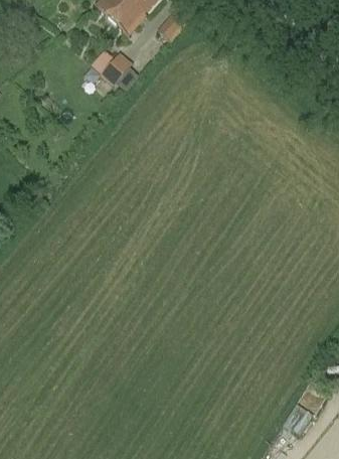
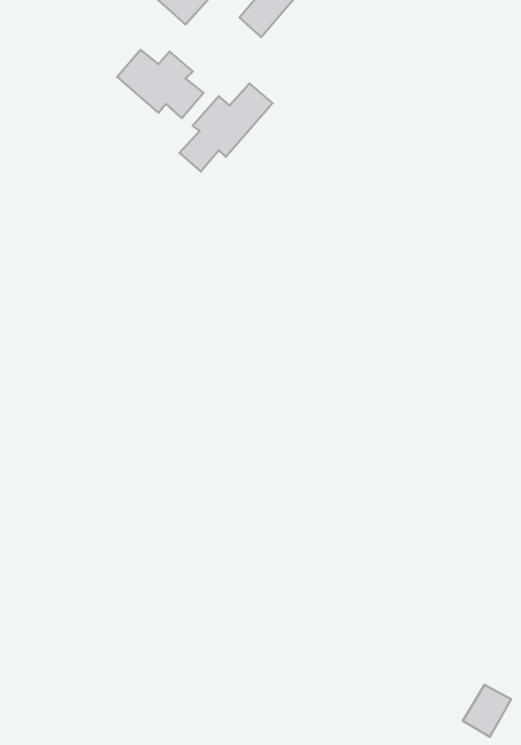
building: none -> [180,83,272,171]

